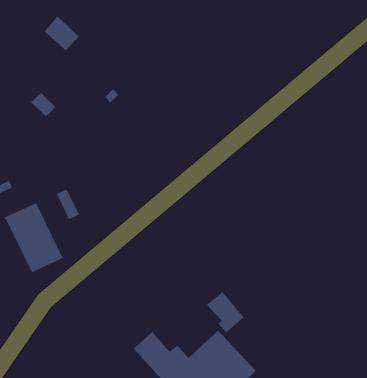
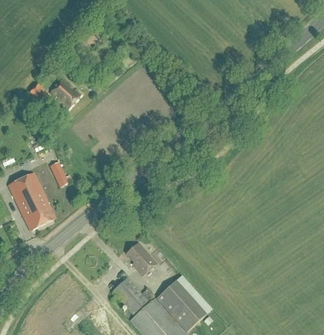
building: [44,15,80,51] -> [49,78,78,107]
building: [206,291,245,333] -> [127,241,158,275]

